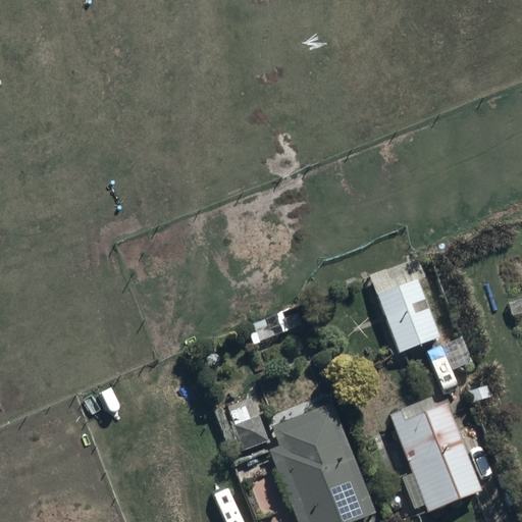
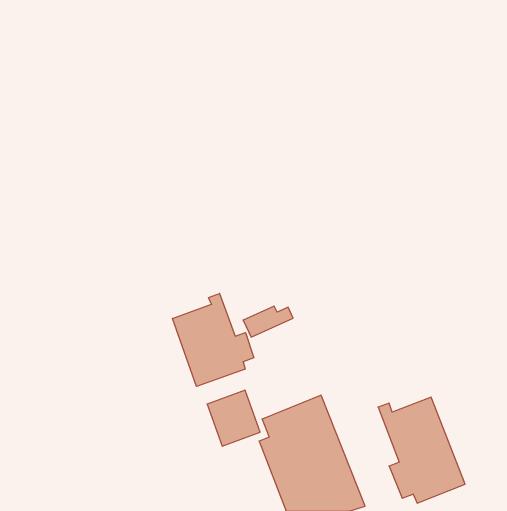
building: [372,258,440,352] -> none
building: none -> [172,293,254,386]

